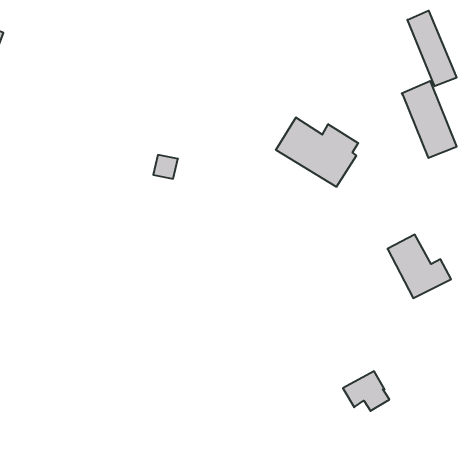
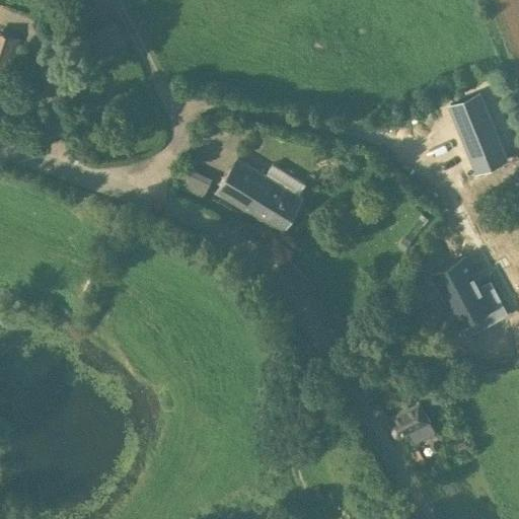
building: [407,11,457,86] -> none
building: [276,118,358,187] -> [217,159,305,233]

